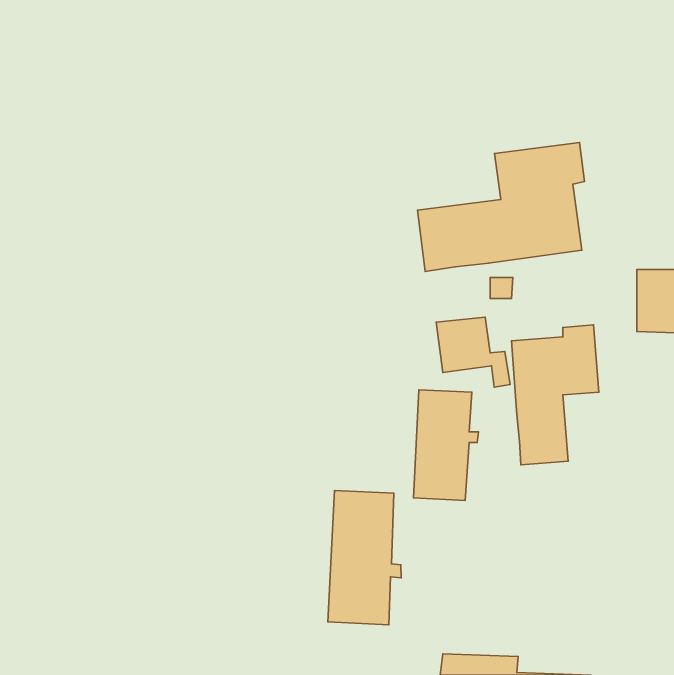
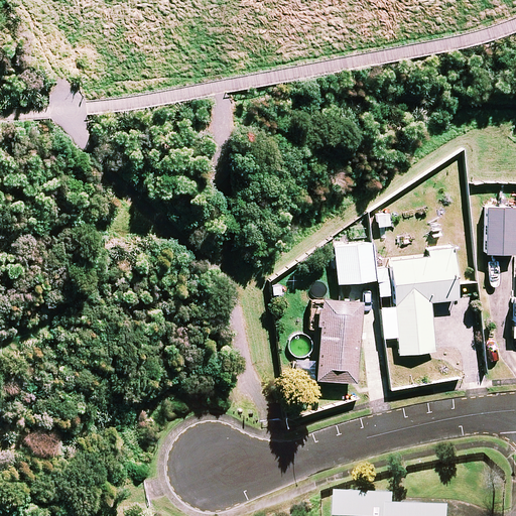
building: [418,142,584,271] -> none
building: [328,491,401,625] -> none

